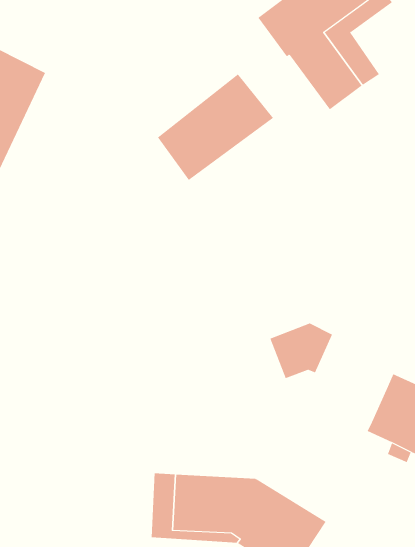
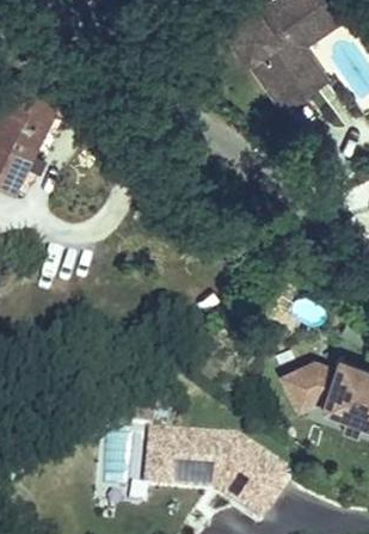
building: [157,73,274,181] -> none
building: [269,323,333,379] -> [288,356,340,403]

